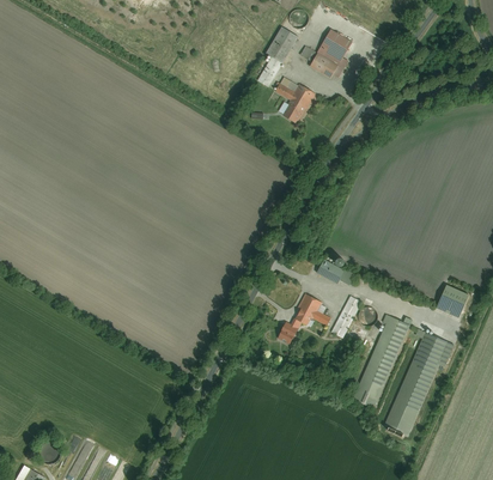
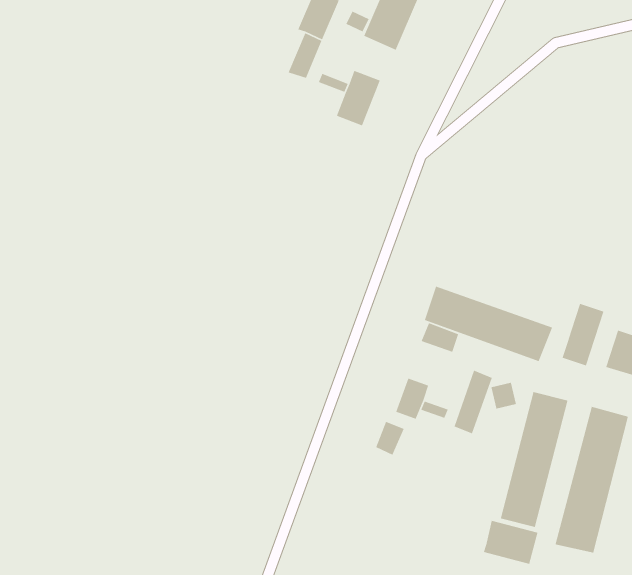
building: none -> [424,286,553,362]
building: none -> [562,303,604,367]
building: none -> [483,520,538,565]

